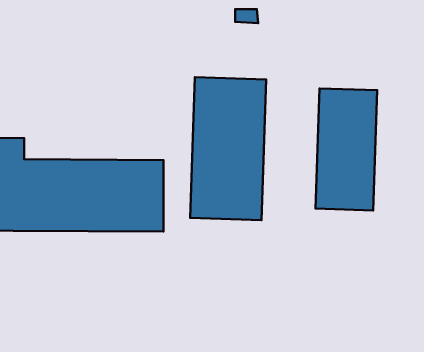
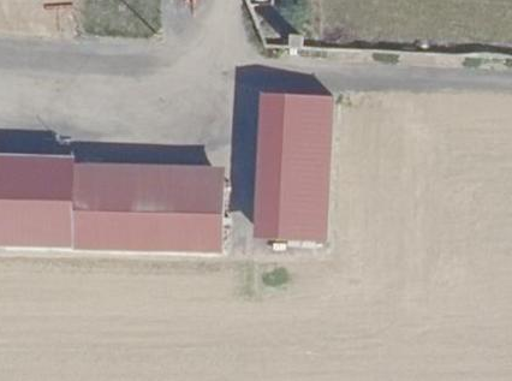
building: [316,88,377,211] -> none

